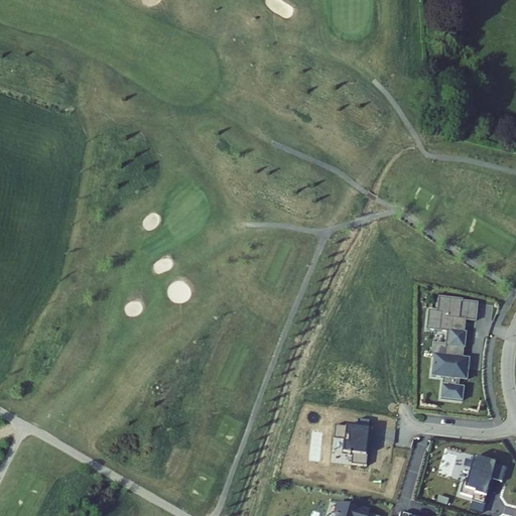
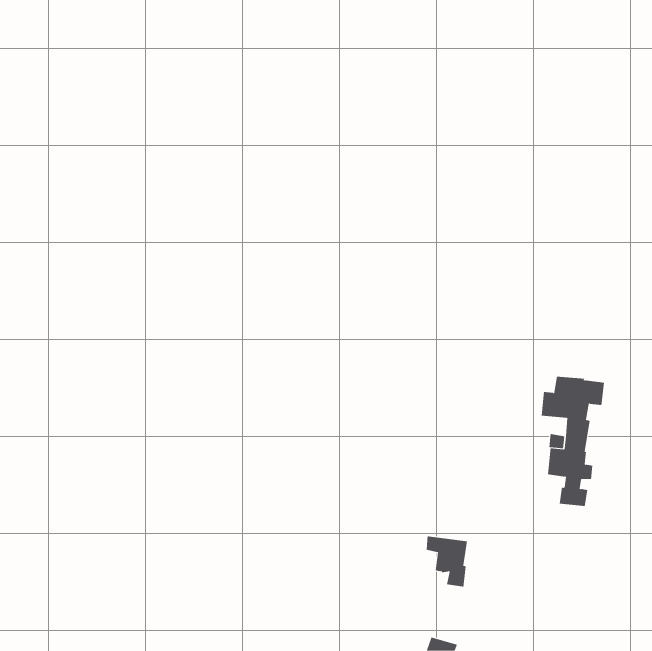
building: [460,456,505,503] -> none

